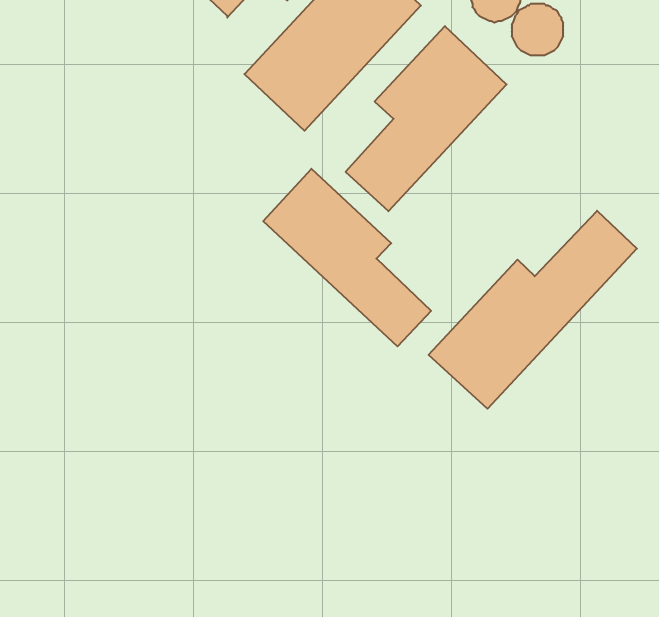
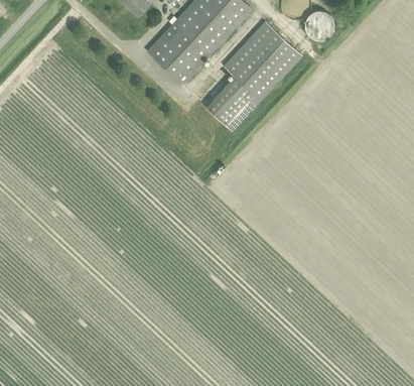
building: [263,169,431,346] -> none
building: [429,211,637,409] -> none

